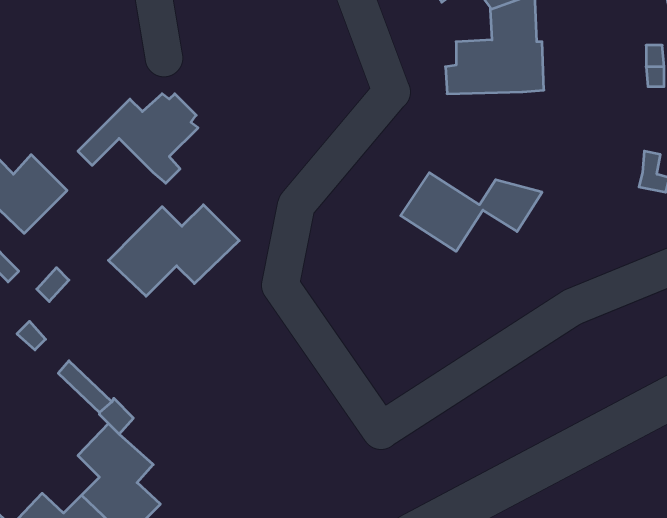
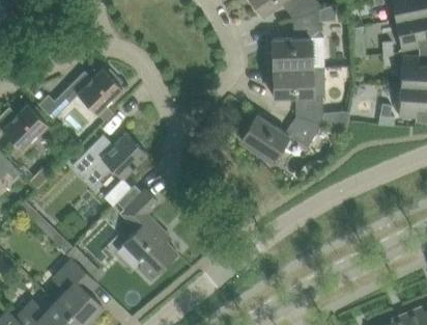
building: none -> [267,67,325,127]
building: none -> [117,185,177,280]

